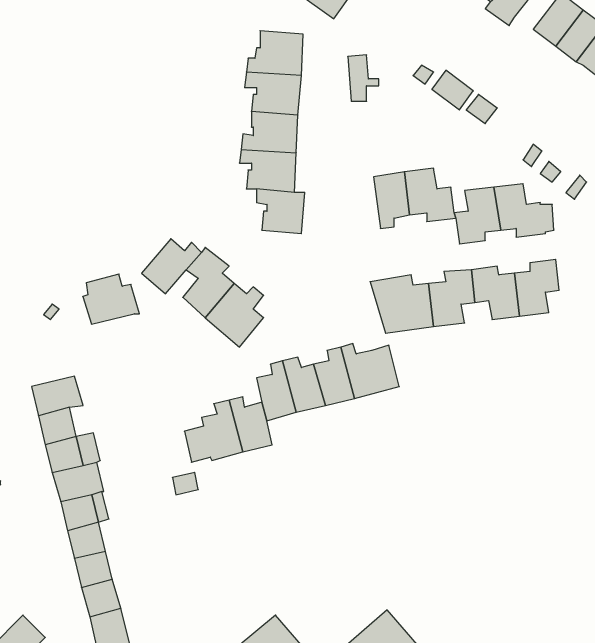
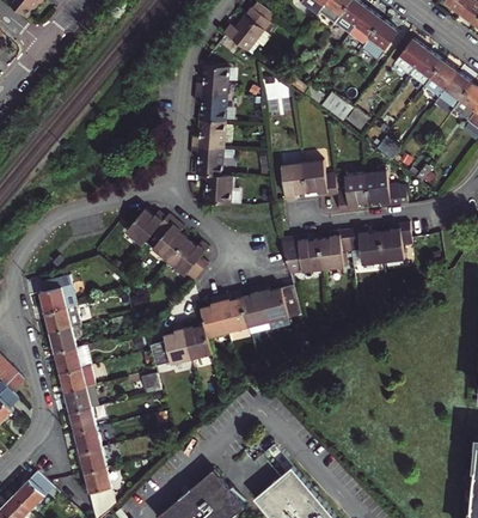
building: [83,274,139,324] -> [37,278,76,312]

